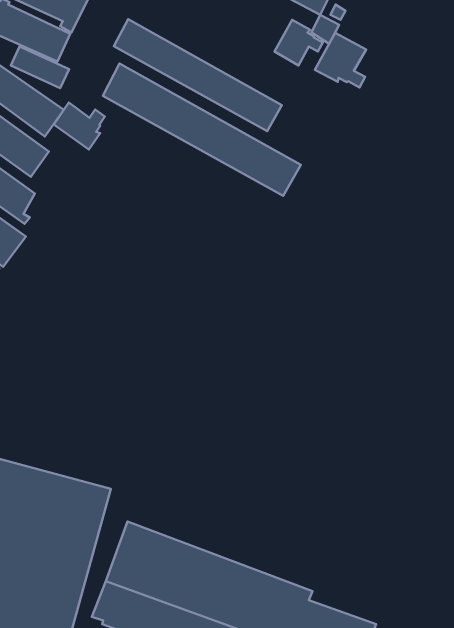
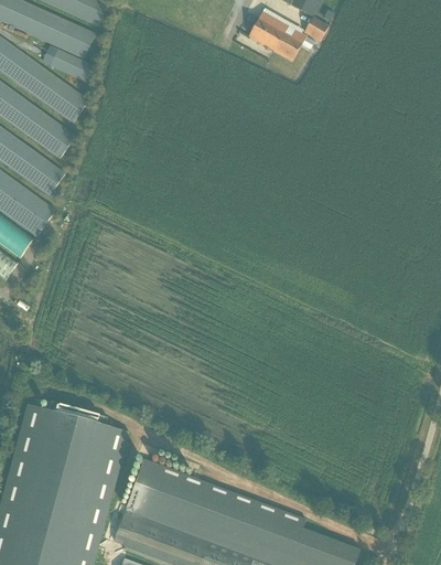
building: none -> [248,9,287,49]
building: [114,19,282,131] -> none
building: [315,33,366,87] -> none
building: [103,64,301,196] -> none
building: [54,103,105,149] -> none

